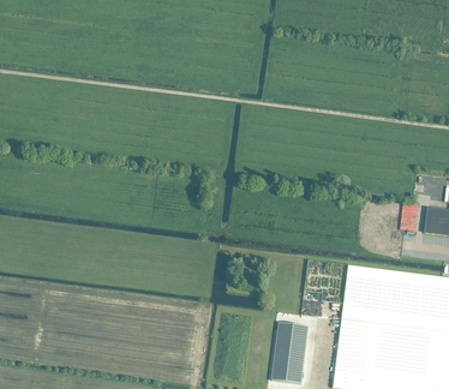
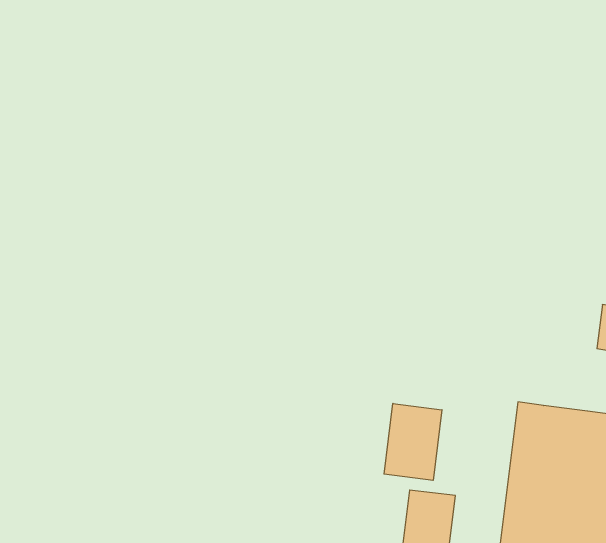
building: none -> [384,403,442,480]

